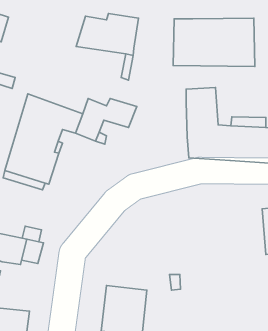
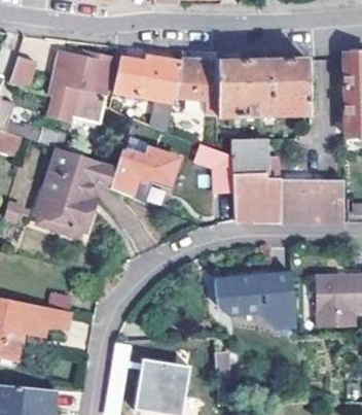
building: none -> [46,51,113,123]
building: none -> [175,60,220,113]
building: none -> [197,144,234,195]
building: none -> [214,266,297,321]

